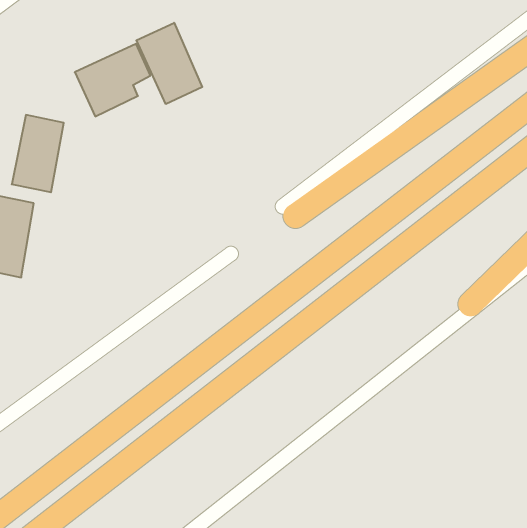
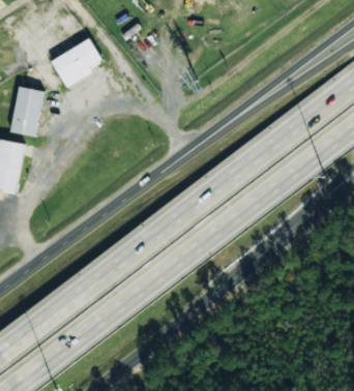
building: [136,23,202,104] -> none

